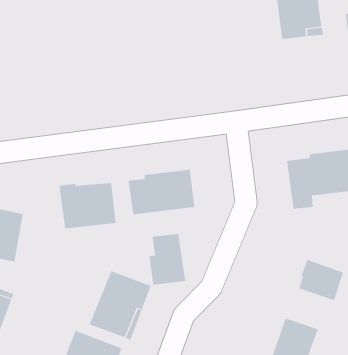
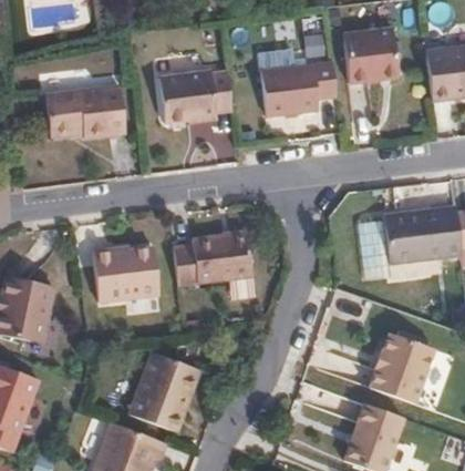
building: none -> [262,62,338,116]
building: none -> [161,70,232,125]
building: none -> [46,84,126,136]
building: [149,233,186,285] -> none
building: none -> [362,372,415,409]

